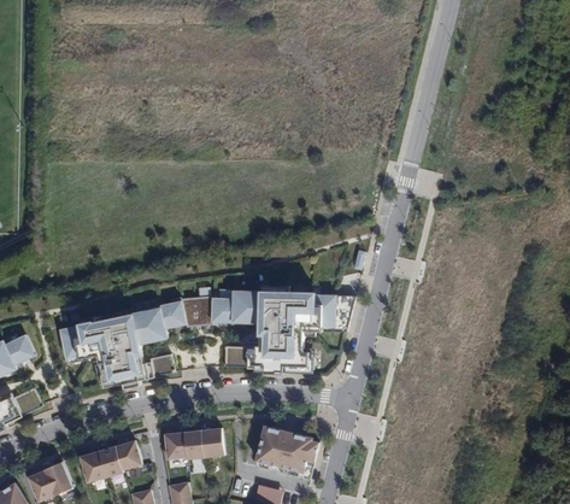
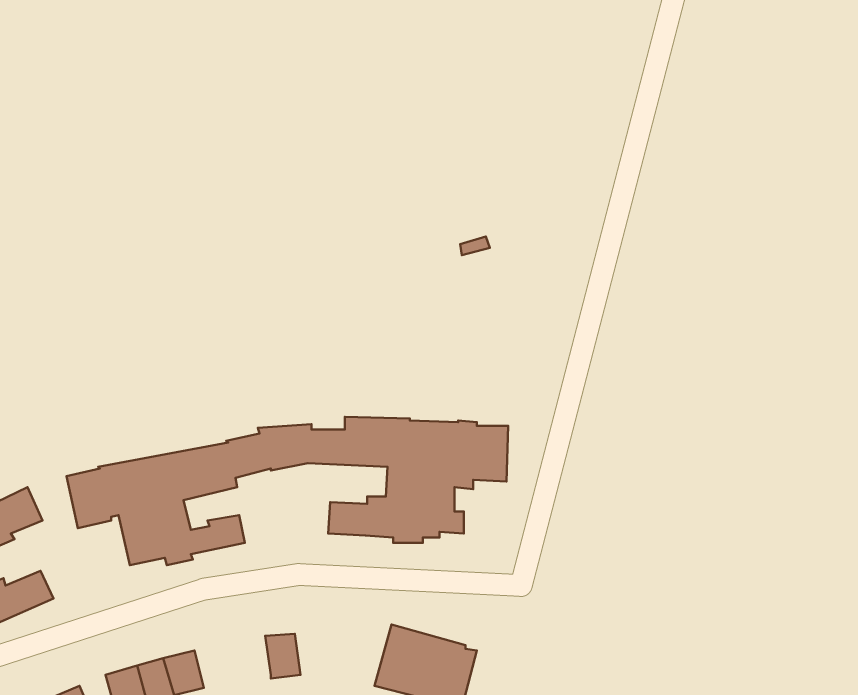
building: [202,428,227,457] -> none
building: [163,432,187,459] -> none

